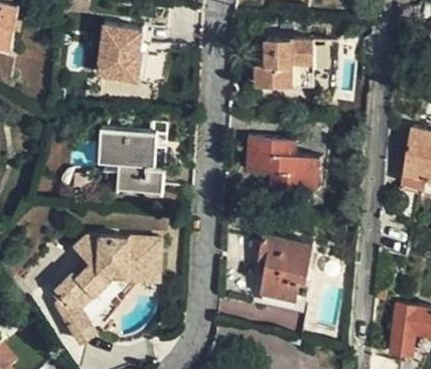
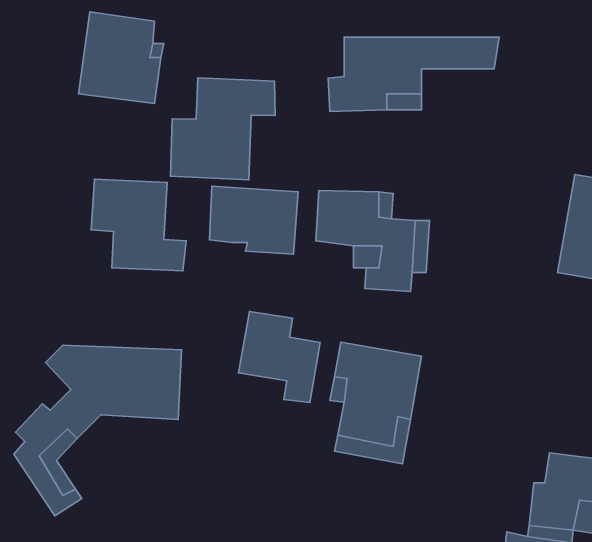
building: none -> [171,78,275,180]
building: none -> [209,186,298,254]
building: none -> [239,312,320,403]

